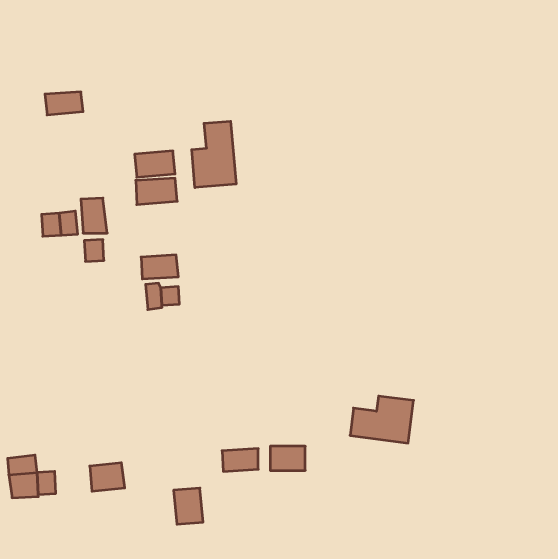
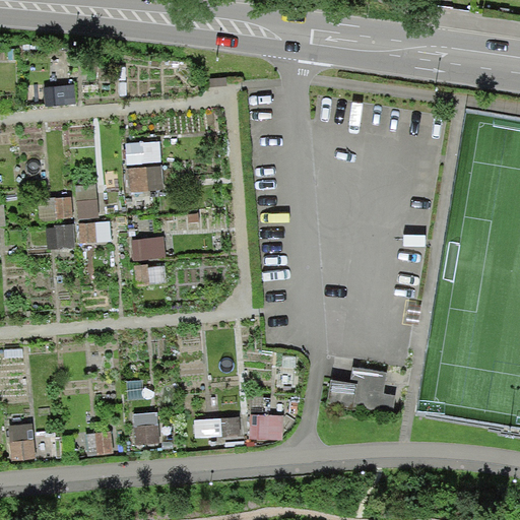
building: [192,121,236,188] -> none
building: none -> [43,222,77,251]
building: [174,488,203,524] -> [133,410,160,444]

